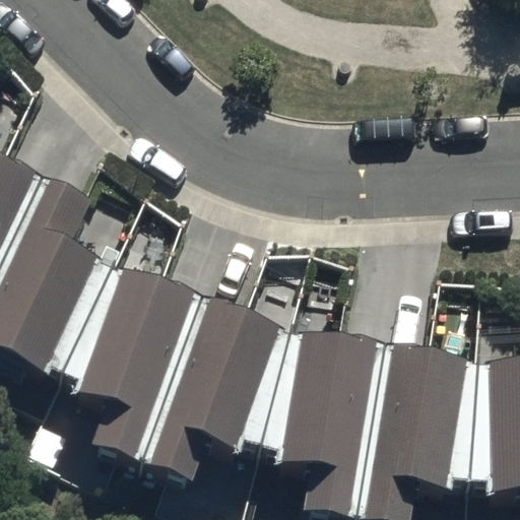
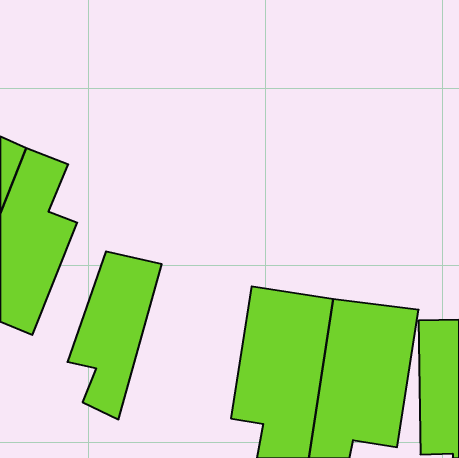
building: [134,299,275,486] -> none

